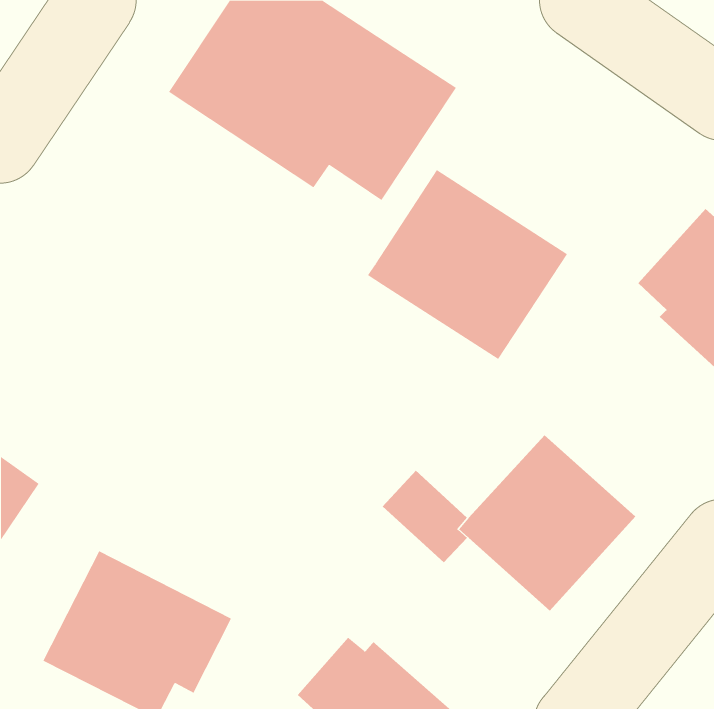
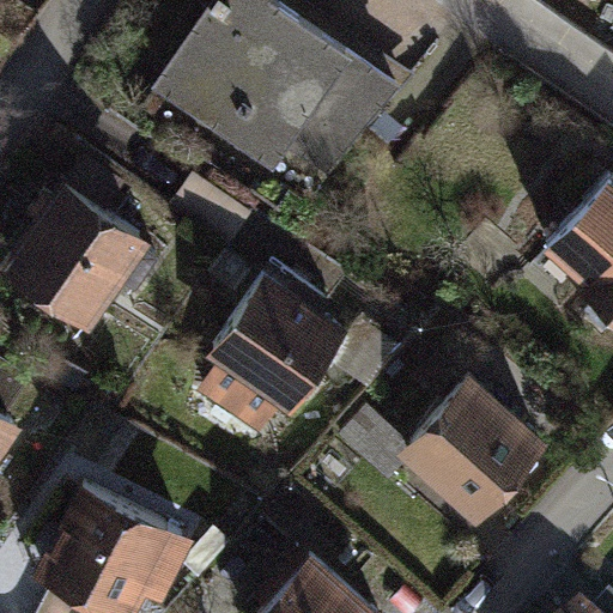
building: [367,169,568,360] -> none
building: none -> [17,177,170,329]
building: none -> [192,275,345,439]

